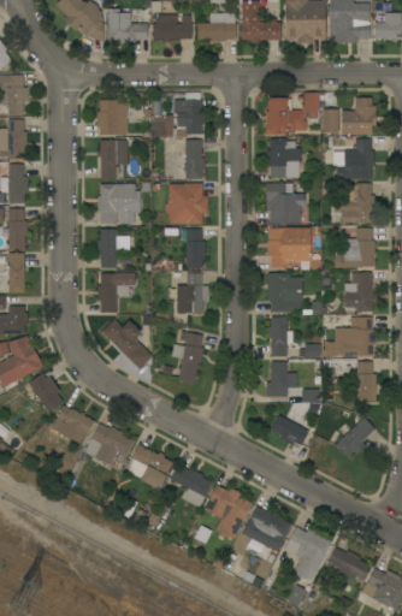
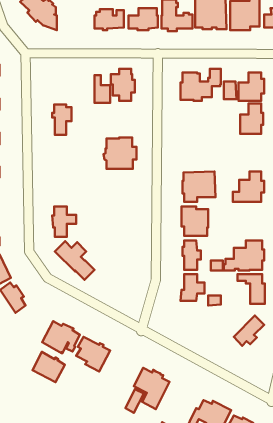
building: [108,8,148,42] -> none
building: [97,100,128,135] -> none
building: [267,138,301,178] -> none
building: [177,140,205,179] -> none
building: [266,183,306,224] -> none
building: [335,183,374,223] -> none
building: [97,184,142,224] -> none
building: [97,229,130,268] -> none
building: [181,229,205,268] -> none
building: [345,272,377,312] -> none
building: [167,273,208,313] -> none
building: [171,331,203,384] -> none
building: [52,404,94,444] -> [33,352,65,382]
building: [271,415,309,445] -> none
building: [171,464,212,508] -> none
building: [243,507,291,552] -> none

